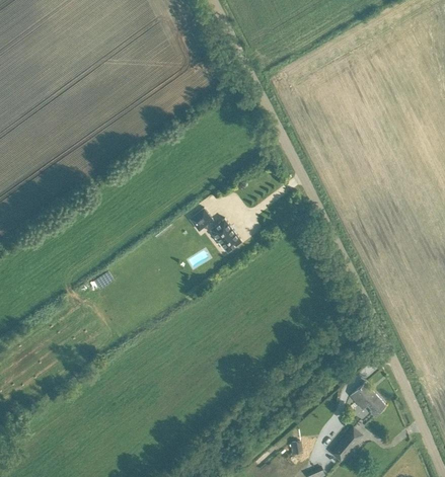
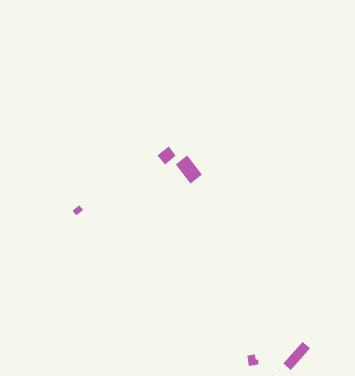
building: [351,385,386,418] -> none

